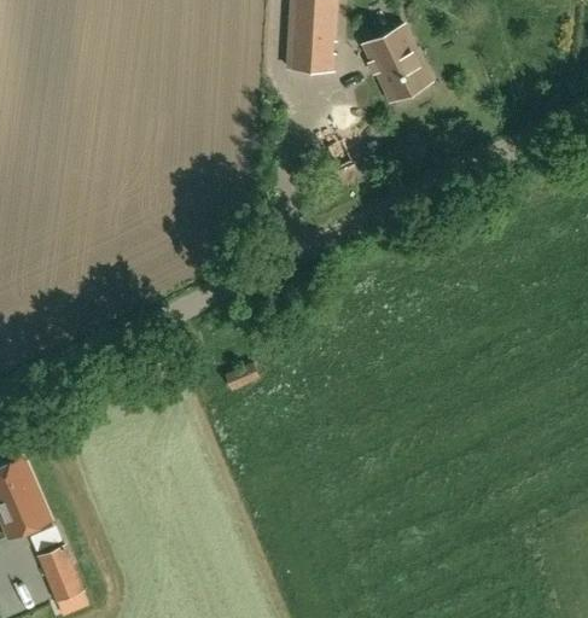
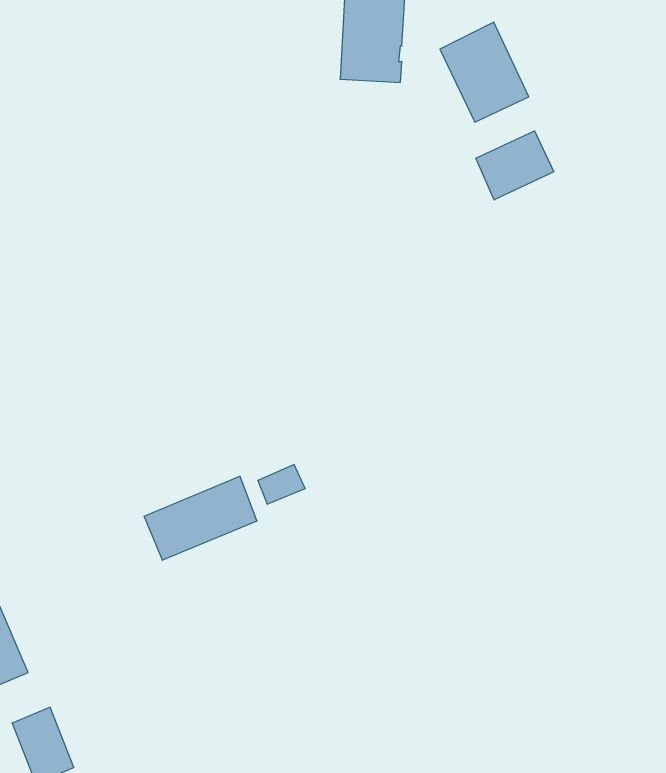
building: none -> [476,131,554,200]
building: none -> [144,476,257,560]

